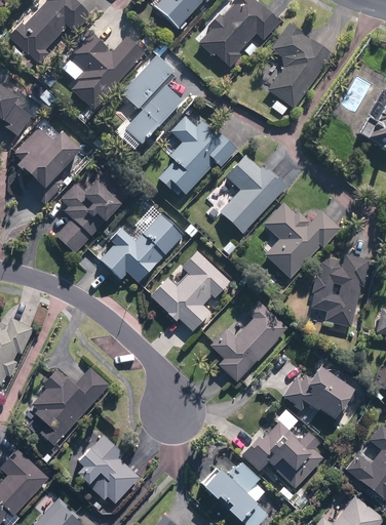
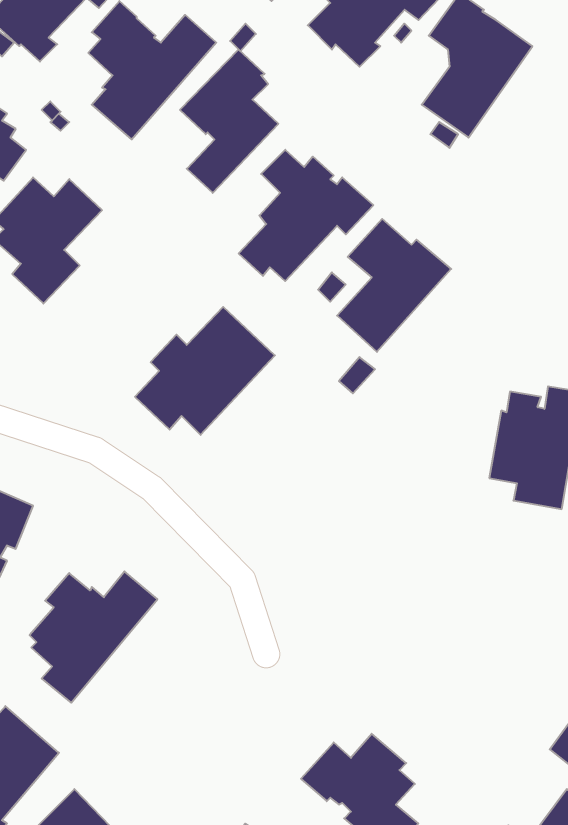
building: [53,181,123,254] -> none
building: [261,203,339,279] -> none
building: [149,251,229,332] -> none
building: [208,302,287,387] -> none
building: [280,368,350,421] -> none
building: [238,410,322,489] -> none
building: [79,430,143,500] -> none

